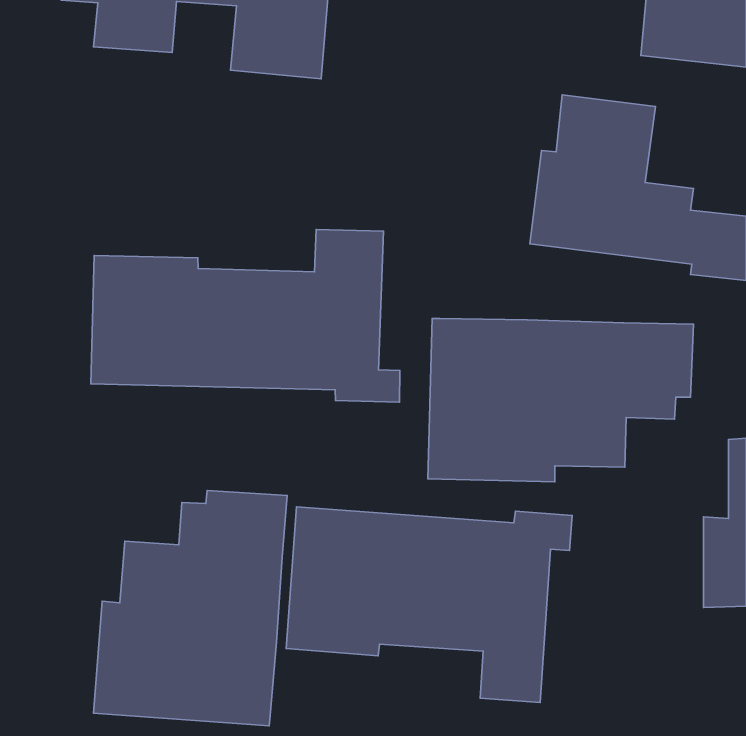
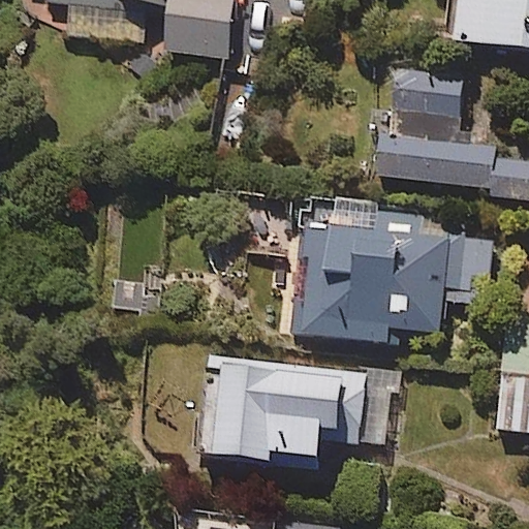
building: [91,230,400,402] -> none
building: [94,491,287,726] -> none

